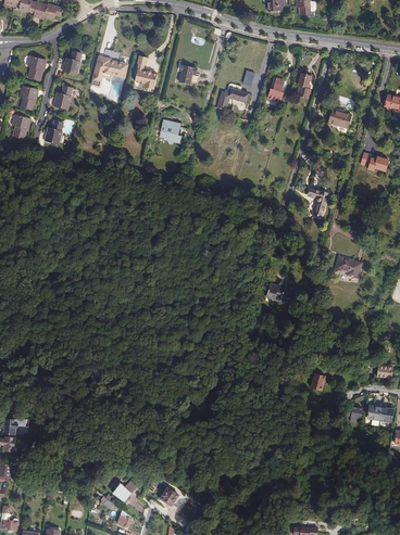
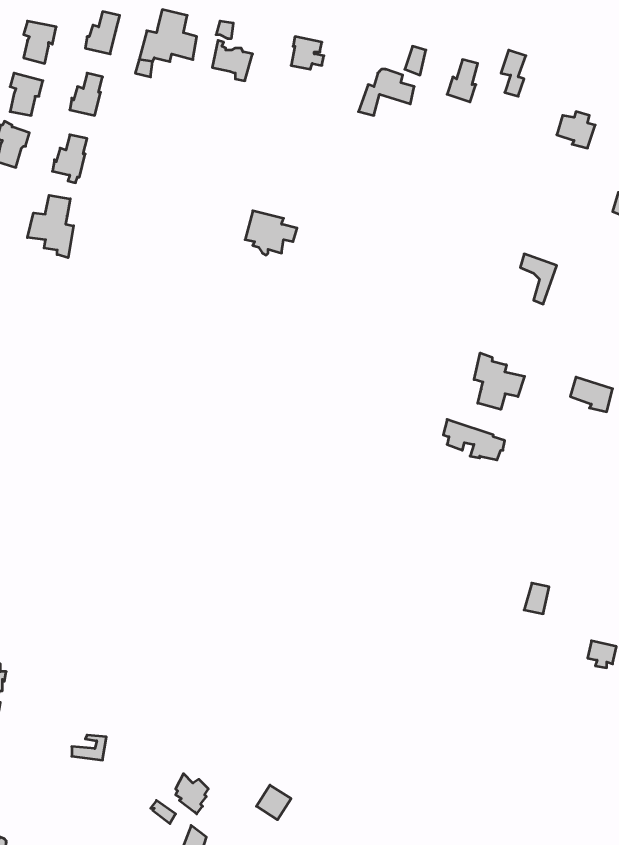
building: [159,118,188,143] -> [245,211,297,255]
building: none -> [27,195,74,258]
building: none -> [474,353,525,409]

